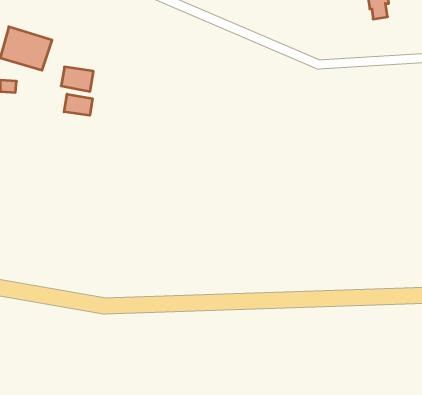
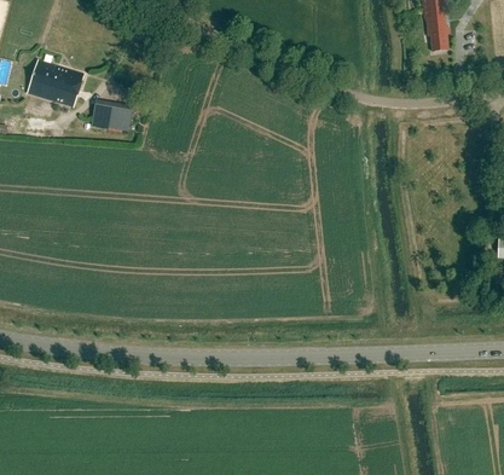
building: [64,94,92,115] -> none

